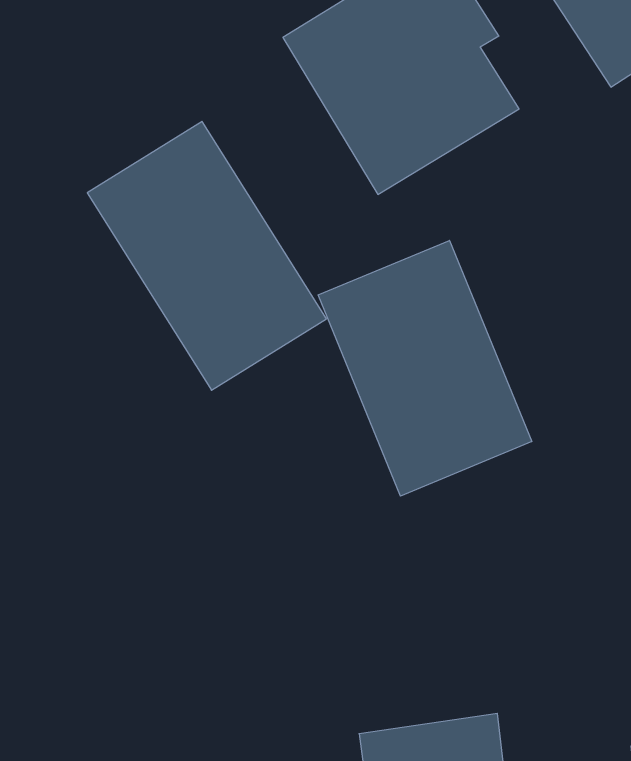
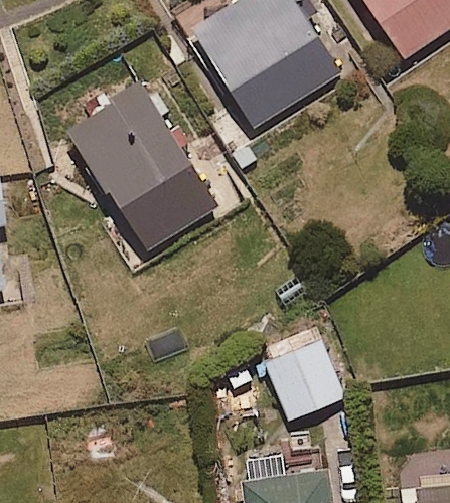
building: [318,240,532,496] -> none
building: none -> [263,337,345,422]

